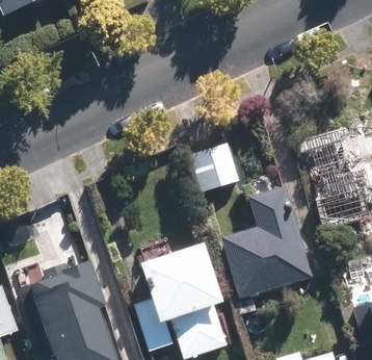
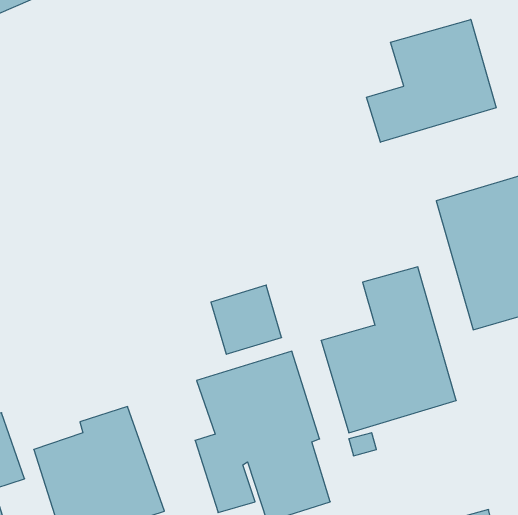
building: none -> [366,19,496,142]
building: [191,143,239,189] -> [211,285,282,354]

